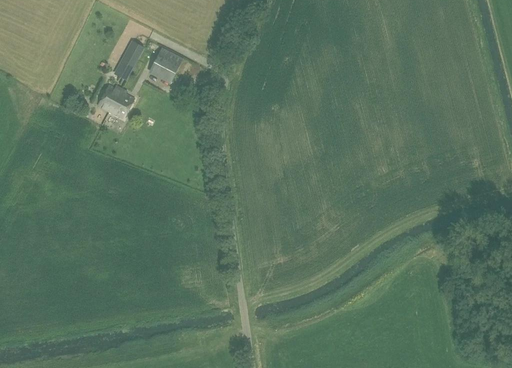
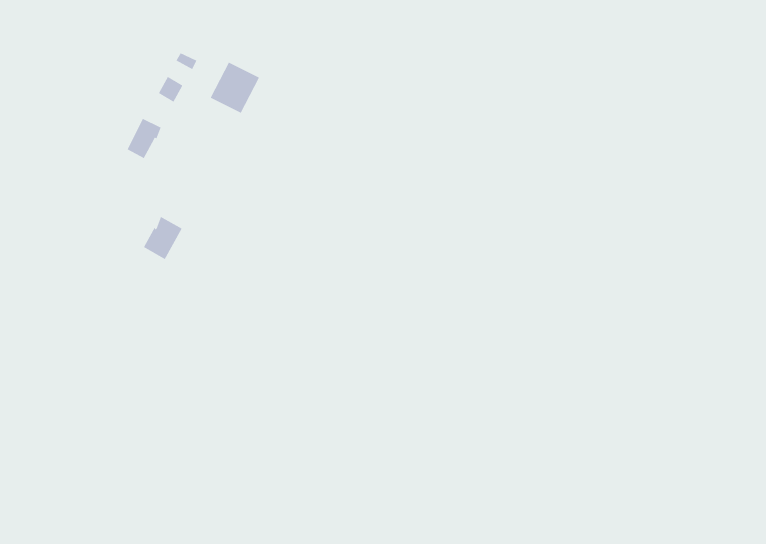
building: [108,89,133,117] -> [143,216,182,260]

